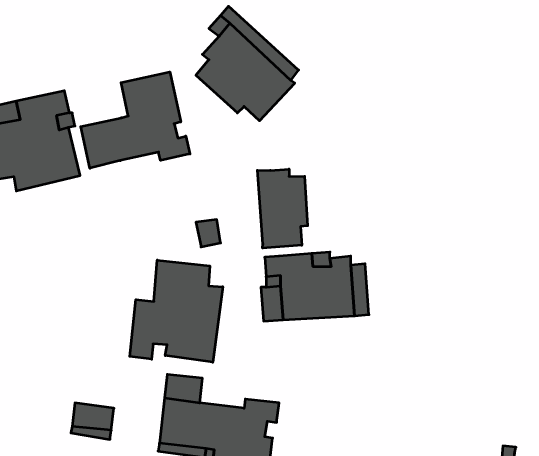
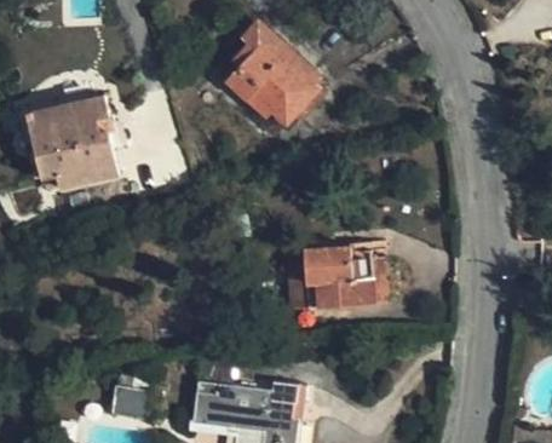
building: [81,72,190,168] -> none
building: [257,169,308,248] -> none
building: [130,260,223,362] -> none

